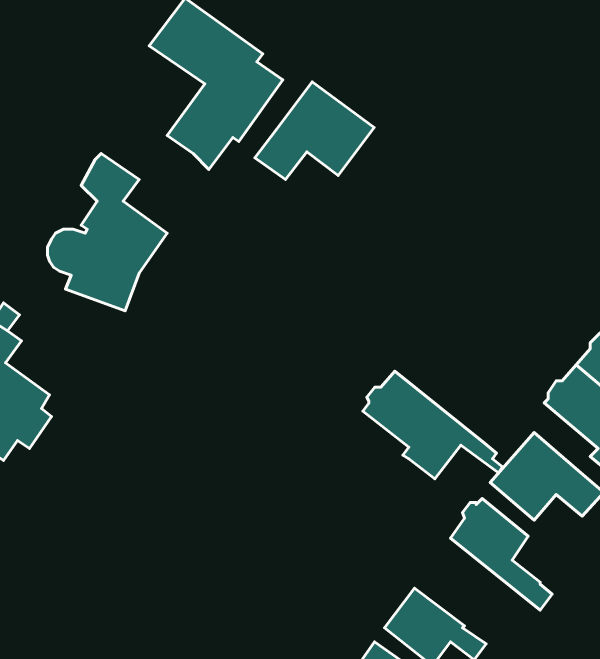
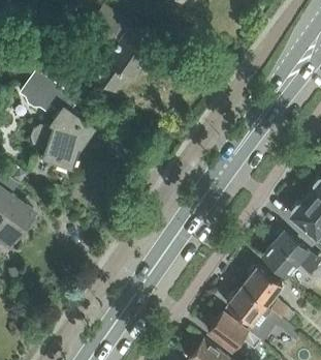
building: [255,82,374,180] -> none
building: none -> [20,68,61,110]
building: [363,371,503,479] -> [225,286,297,341]

